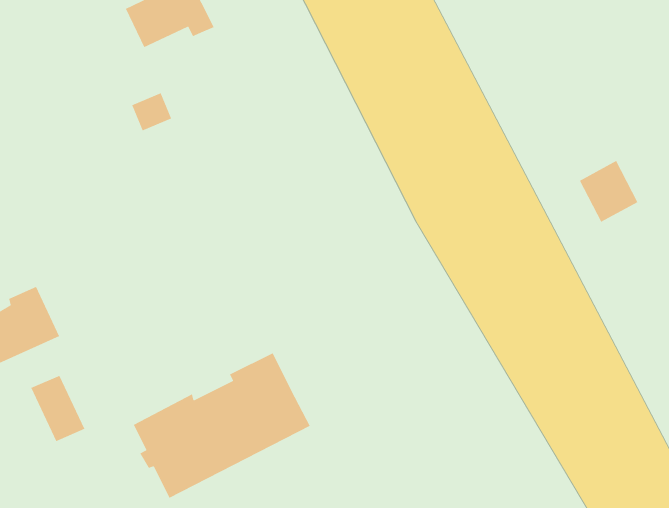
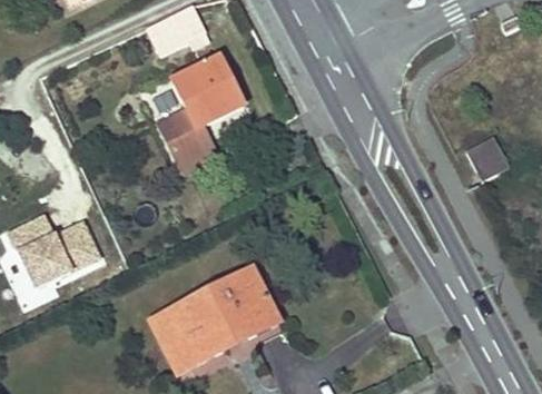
building: none -> [158,57,242,173]
building: [30,375,85,442] -> none

